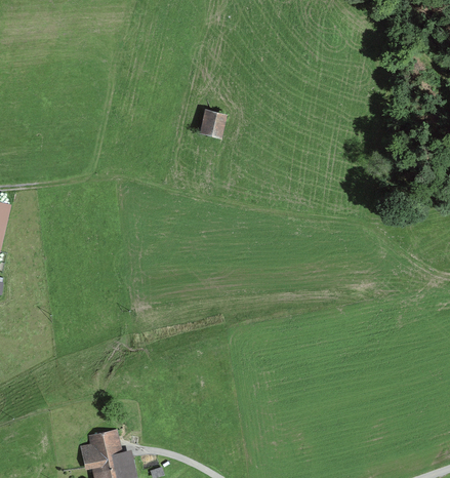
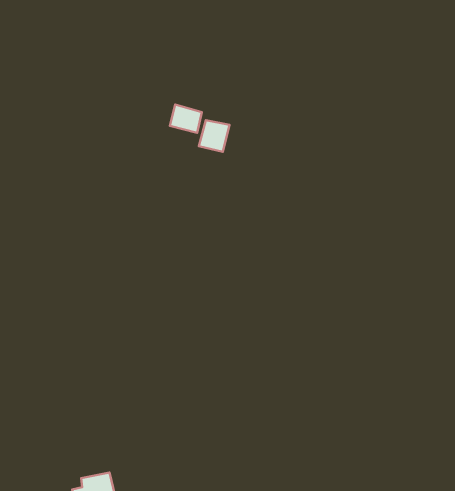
building: none -> [170,104,202,133]

